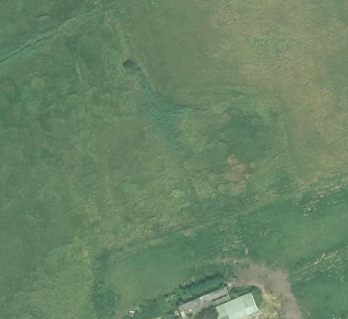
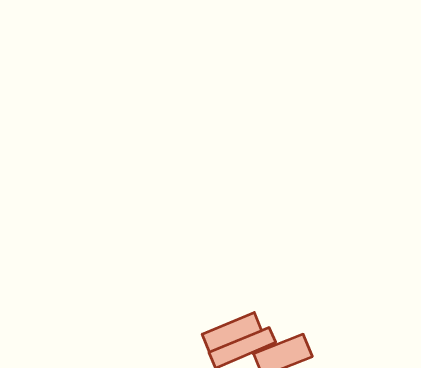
building: none -> [202,312,261,352]

